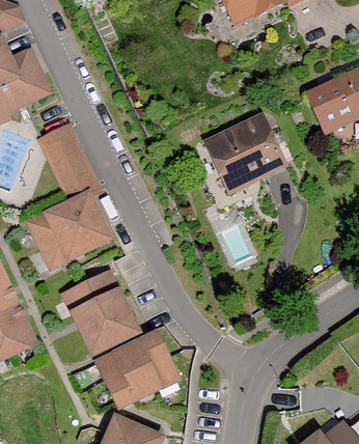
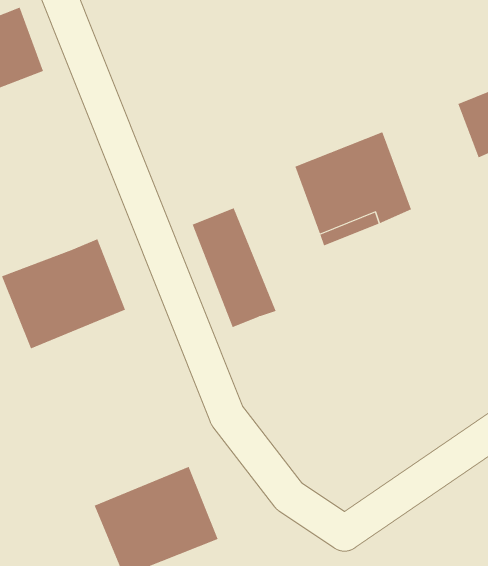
building: [42,126,99,201] -> [192,208,276,328]
building: [64,272,137,352] -> none

